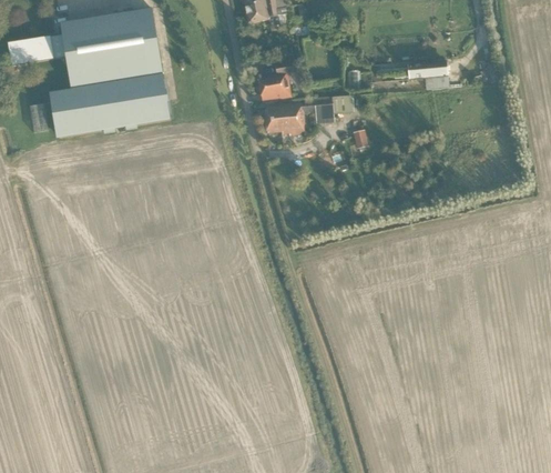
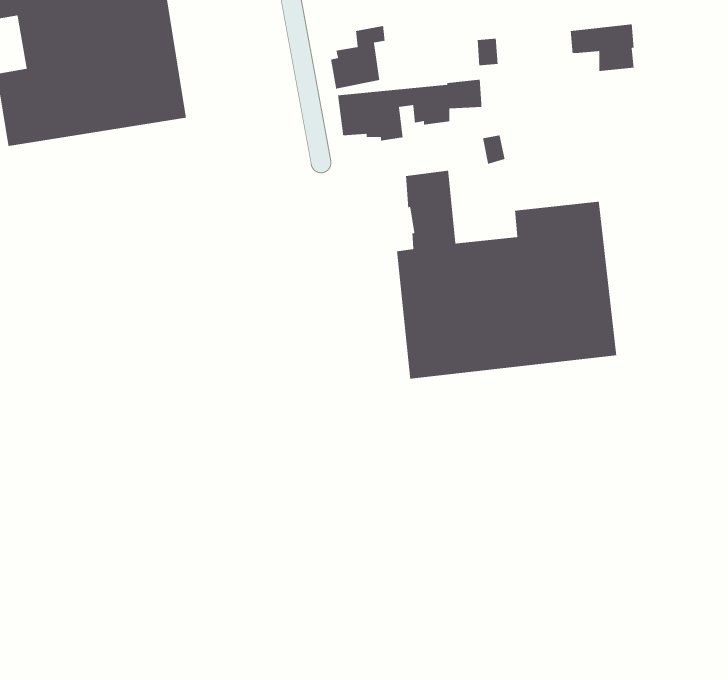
building: none -> [396,170,617,380]

